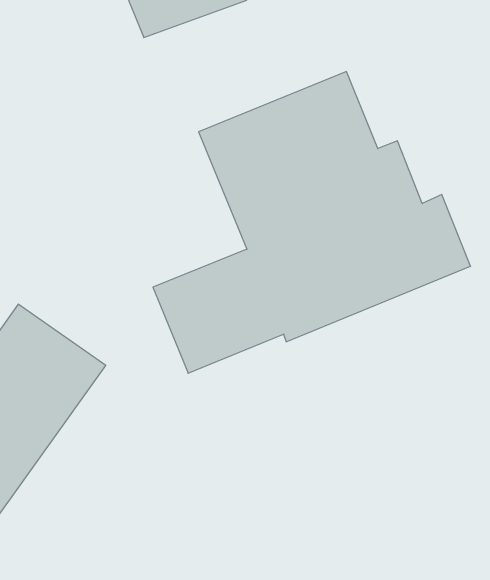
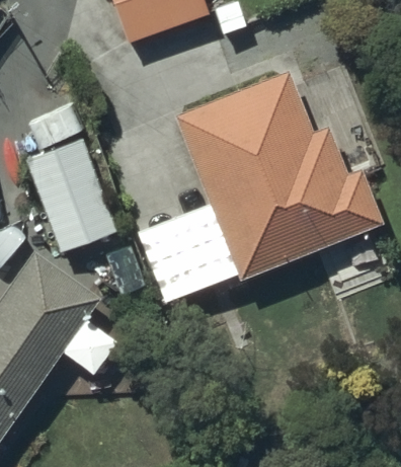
building: none -> [26,140,118,254]

